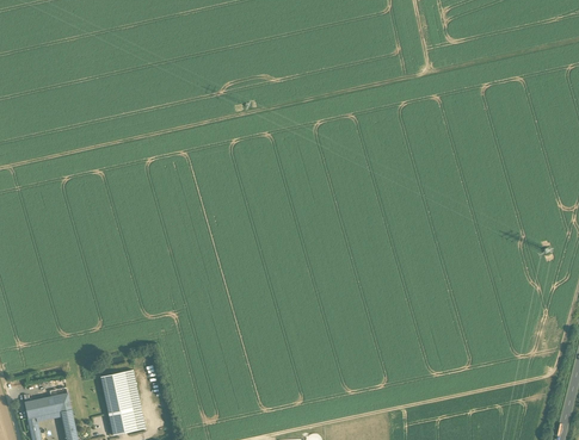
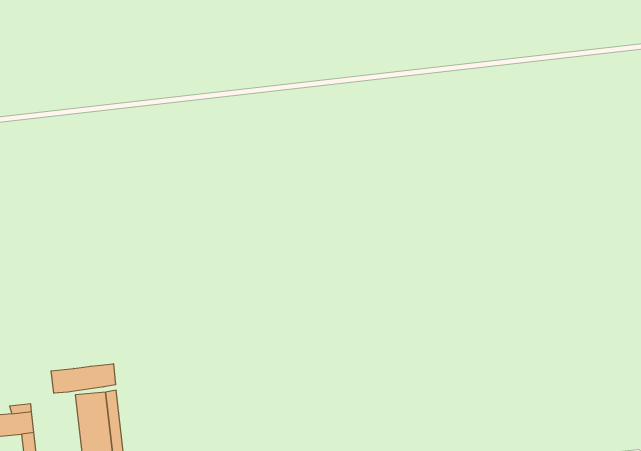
building: none -> [51,364,116,393]

